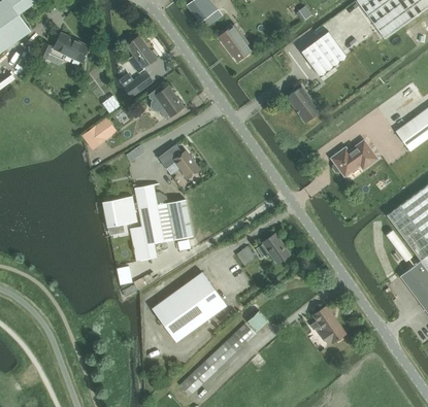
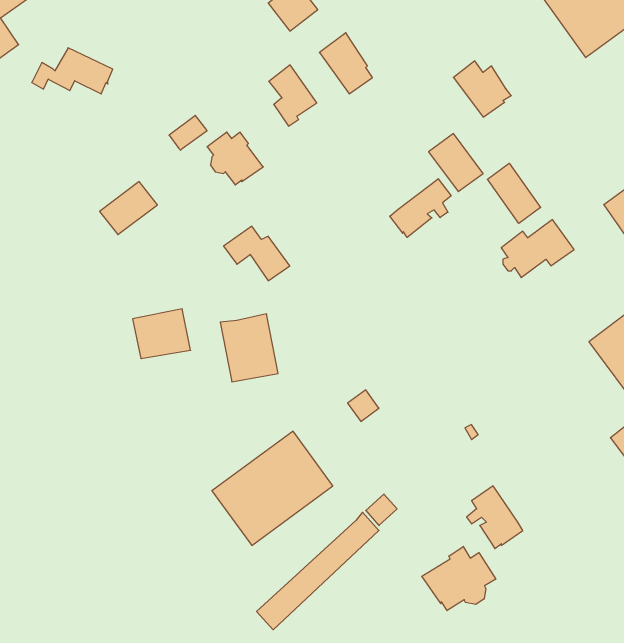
building: [126,35,156,73] -> [269,65,317,126]
building: none -> [487,163,541,223]
building: none -> [390,179,451,237]
building: [135,184,164,261] -> none
building: [256,233,291,264] -> none
building: none -> [422,546,496,611]

